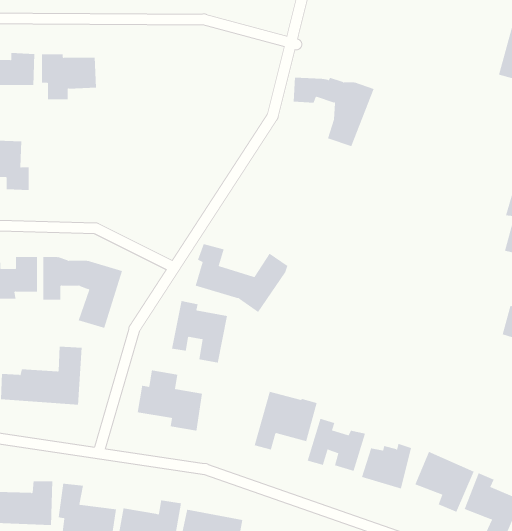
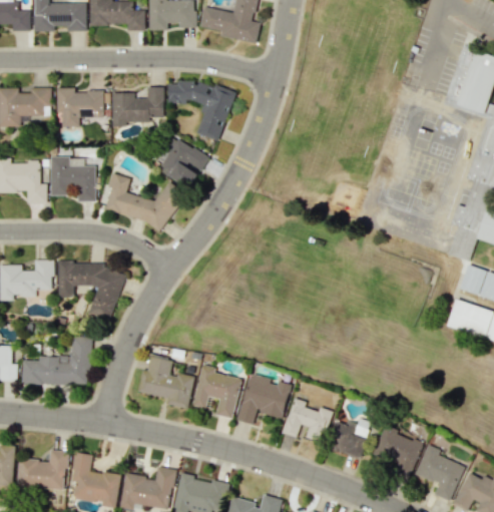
building: none -> [111,86,163,123]
building: [293,77,374,147] -> [167,81,236,140]
building: none -> [154,136,208,187]
building: none -> [50,155,95,200]
building: [195,243,288,313] -> [104,172,183,231]
building: [171,301,228,363] -> [192,365,240,418]

